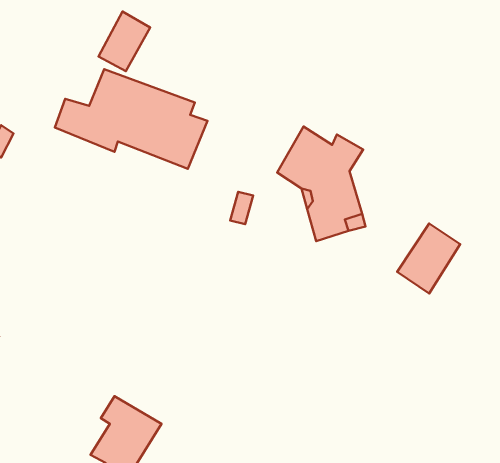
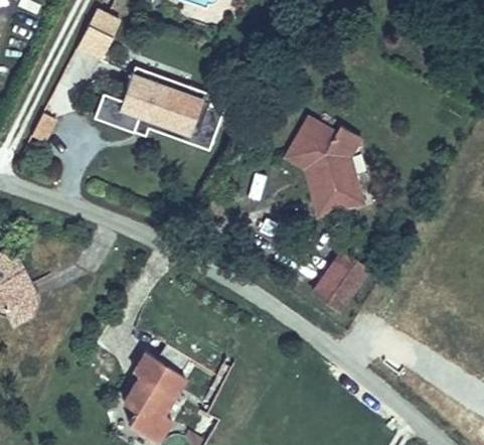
building: [98,12,150,71] -> [74,9,120,61]
building: [397,223,460,294] -> [312,251,367,312]

